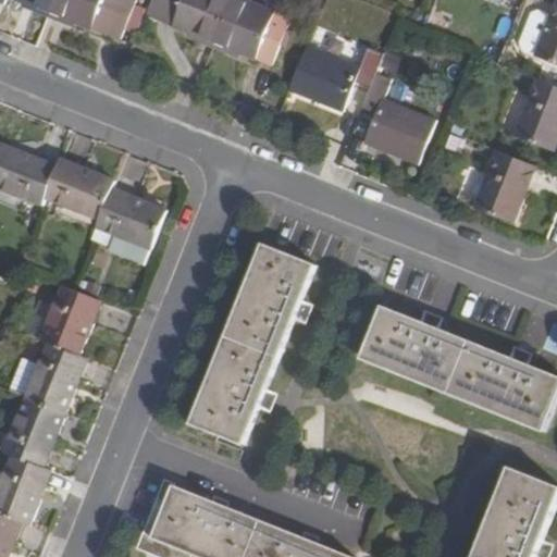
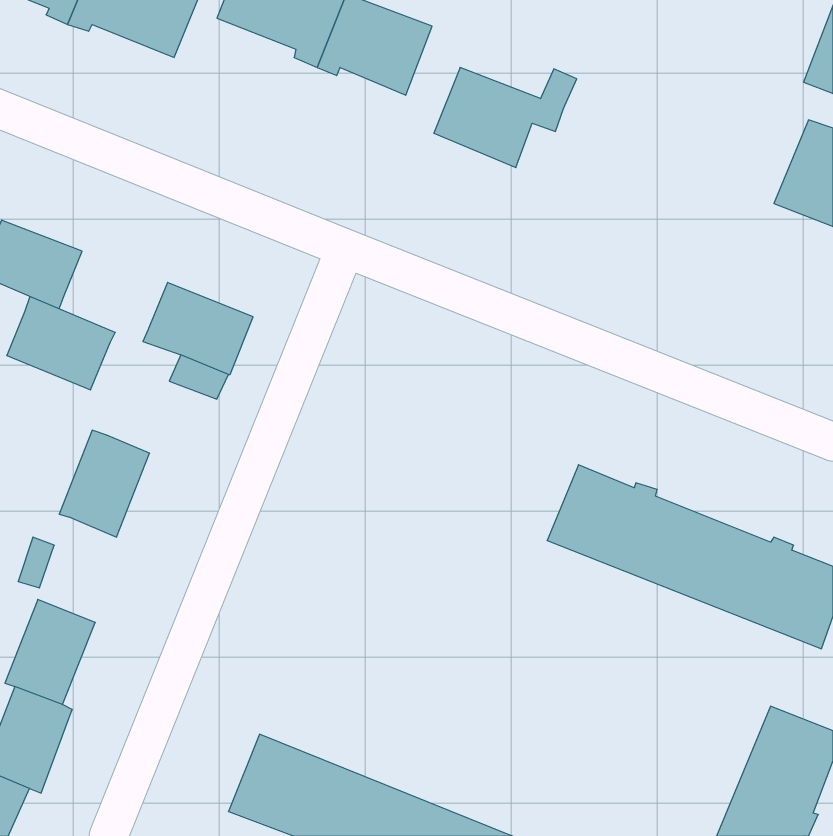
building: [359,72,433,162] -> none
building: [472,150,533,221] -> none
building: [42,157,114,219] -> [7,296,115,390]
building: [190,245,312,444] -> none
building: [25,343,84,412] -> none

